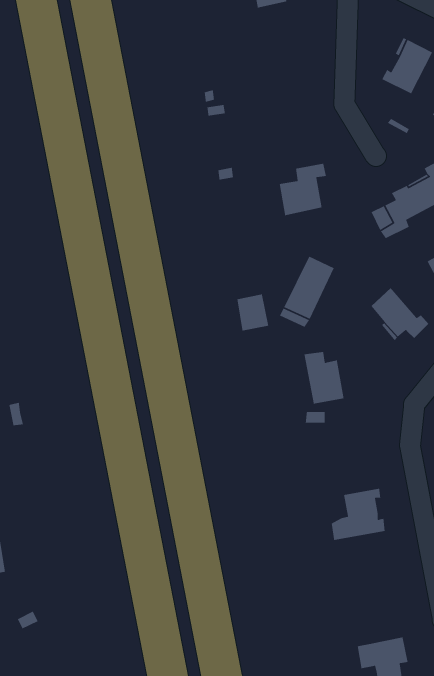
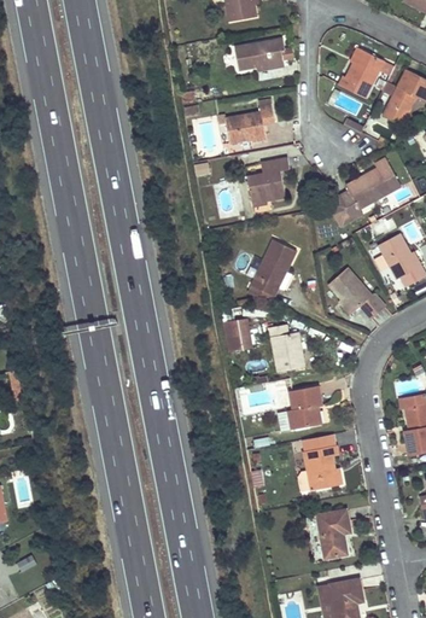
building: none -> [233,39,285,70]
building: none -> [217,105,275,145]
building: [236,293,269,332] -> [223,317,252,351]
building: none -> [290,386,321,428]
building: none -> [316,508,350,556]

